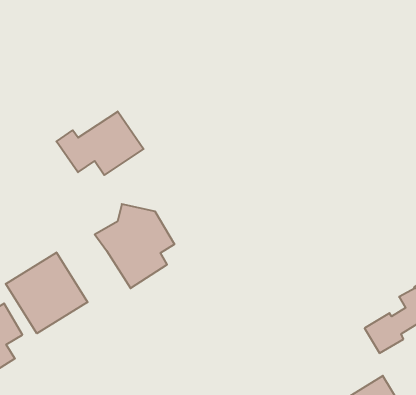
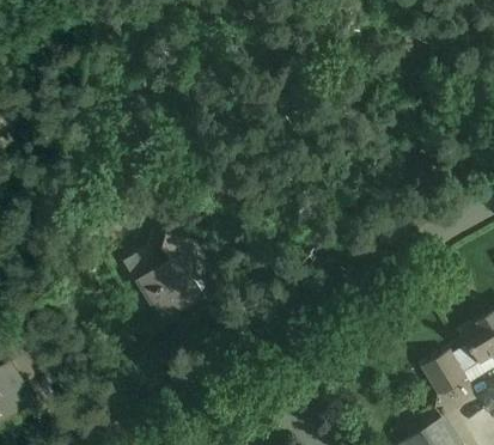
building: [56,111,144,175] -> none
building: [6,252,88,333] -> none

